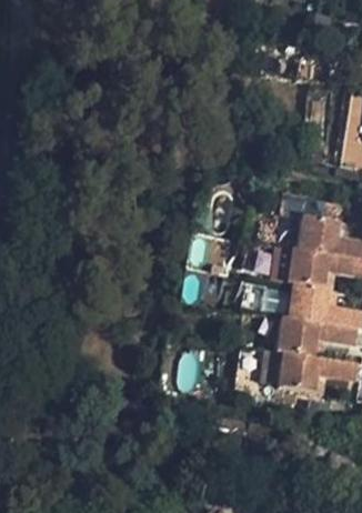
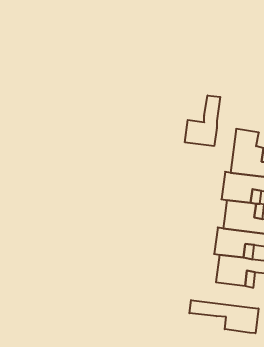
building: none -> [185,95,220,146]
building: none -> [189,300,258,333]

